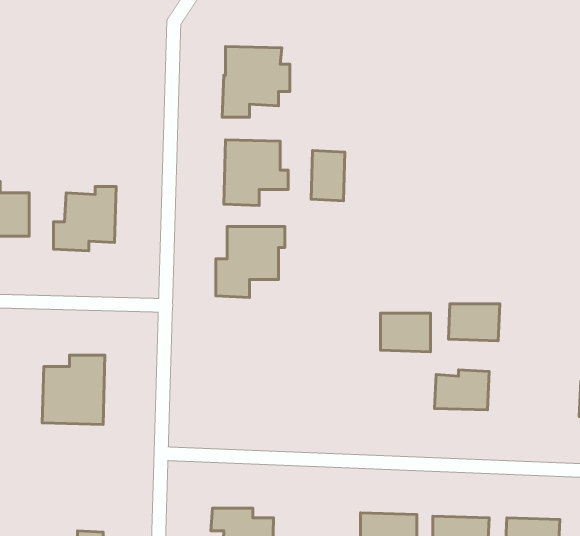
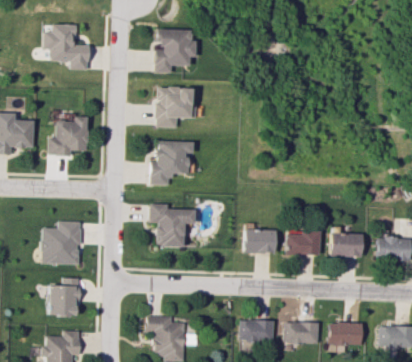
building: none -> [44,24,89,69]
building: [311,151,345,201] -> none
building: [448,304,500,341] -> [330,233,362,256]
building: [381,313,430,352] -> [245,229,276,253]
building: none -> [150,203,195,246]
building: none -> [49,277,79,316]

